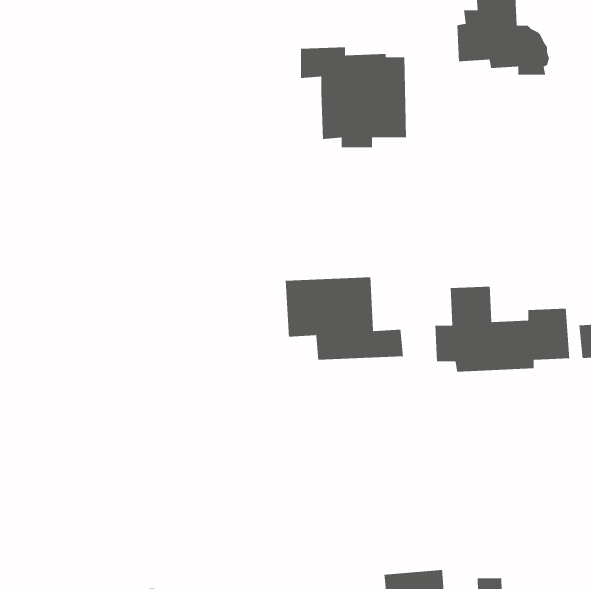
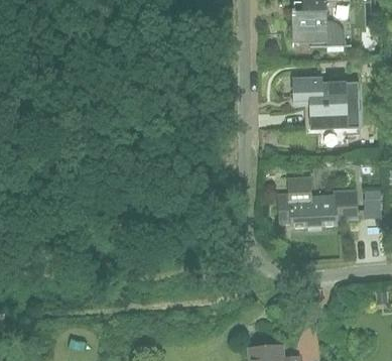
building: [300,46,407,148] -> [293,78,357,138]
building: [285,277,404,360] -> none

